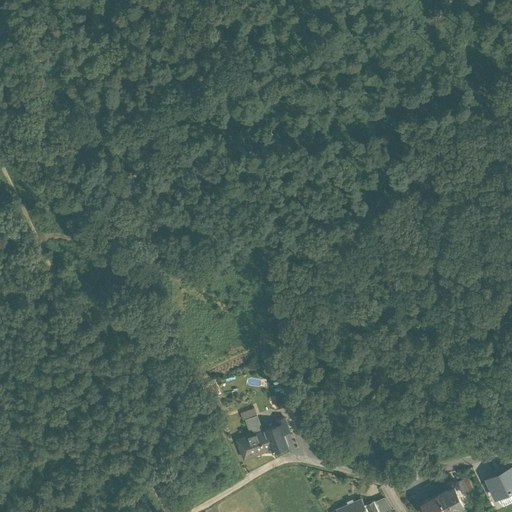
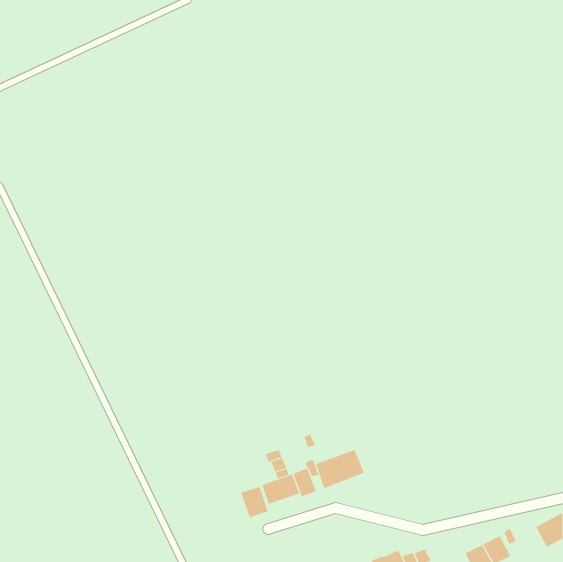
building: none -> [315,449,364,489]
building: none -> [241,486,268,518]

